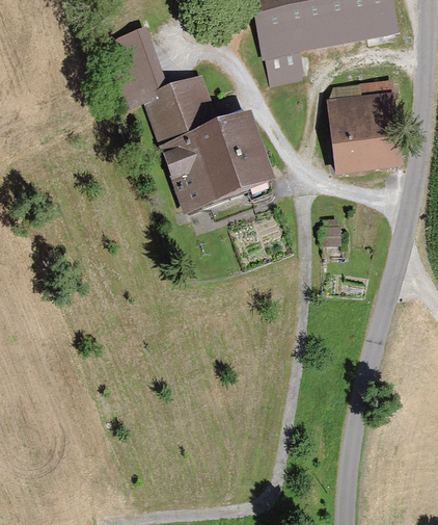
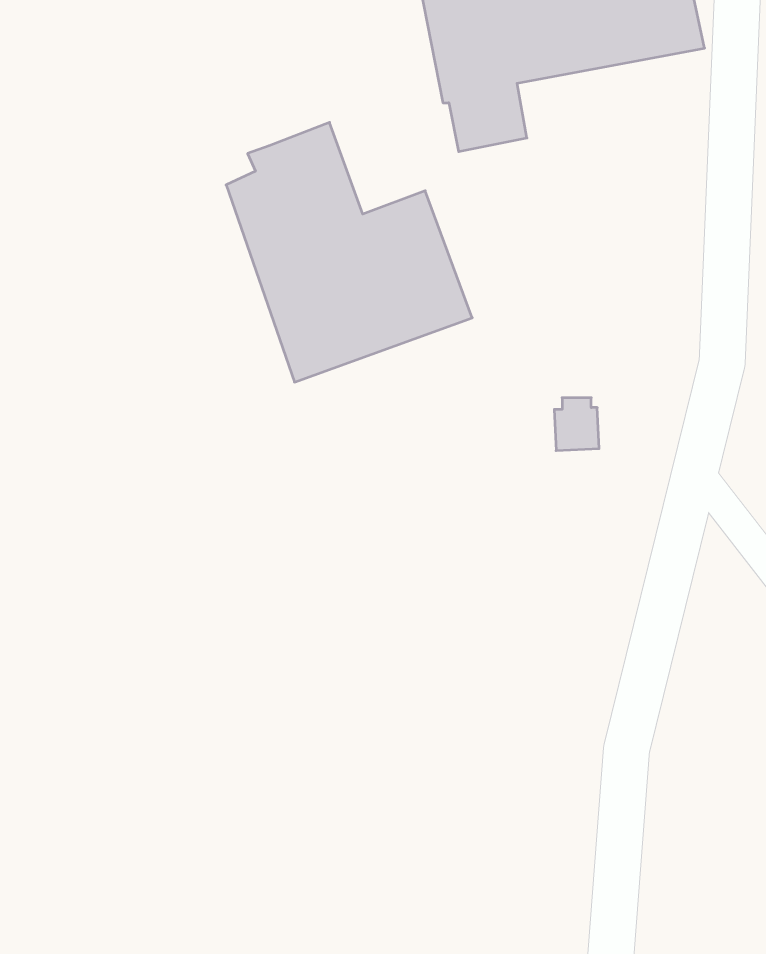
building: [103,26,168,111] -> none
building: [330,93,402,172] -> none

